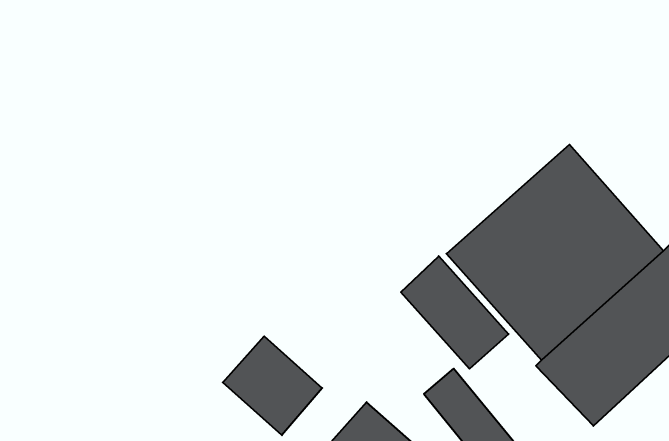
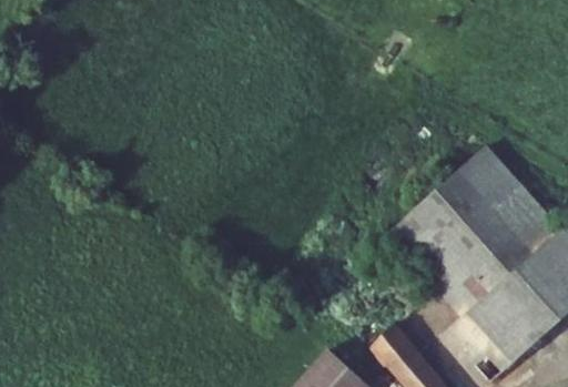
building: [401,256,509,369] -> none
building: [223,336,322,435] -> none

